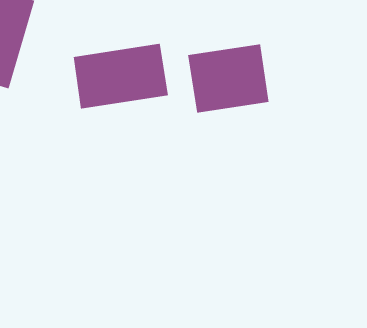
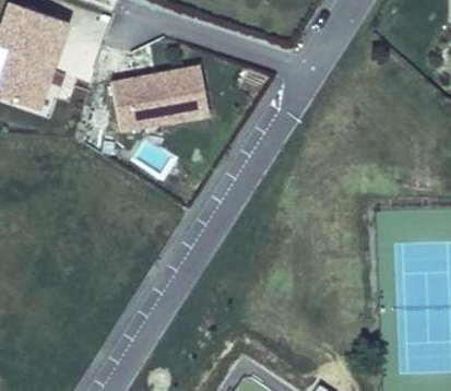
building: [187,44,269,113] -> none

